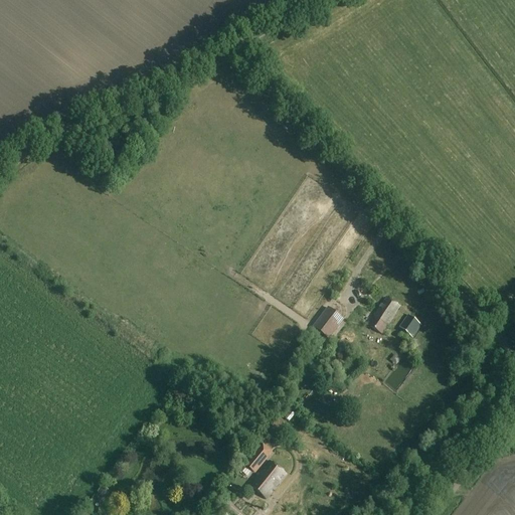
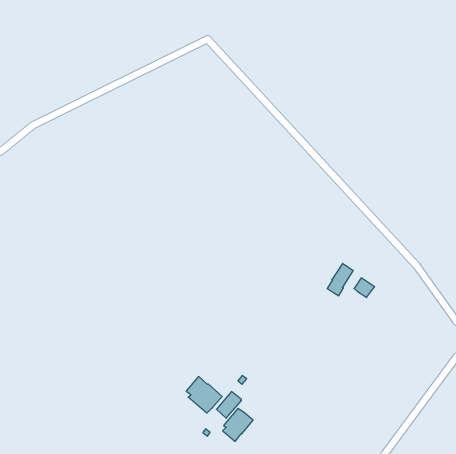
building: [314,306,345,337] -> none
building: none -> [186,377,222,413]

